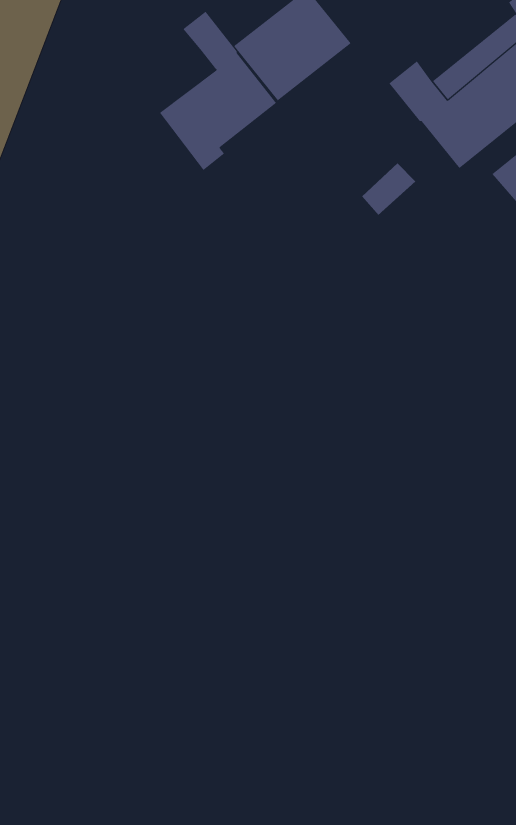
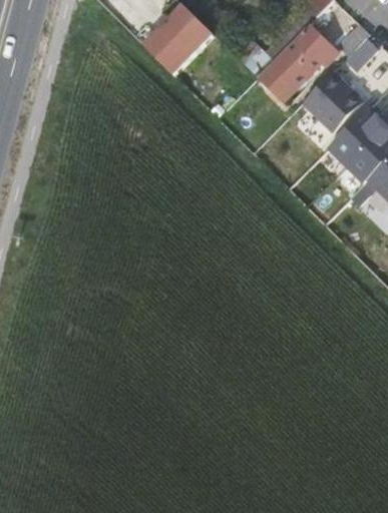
building: [159,11,277,171] -> none

